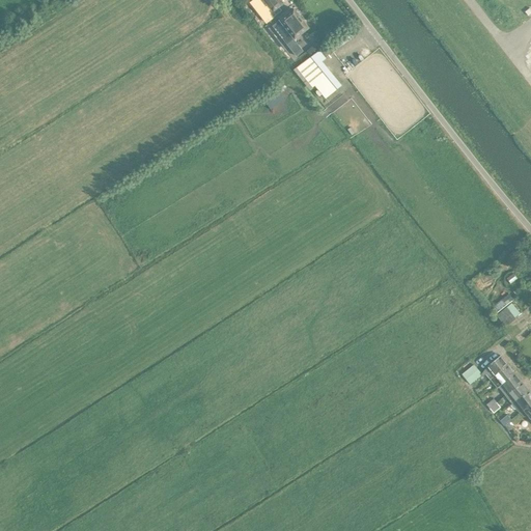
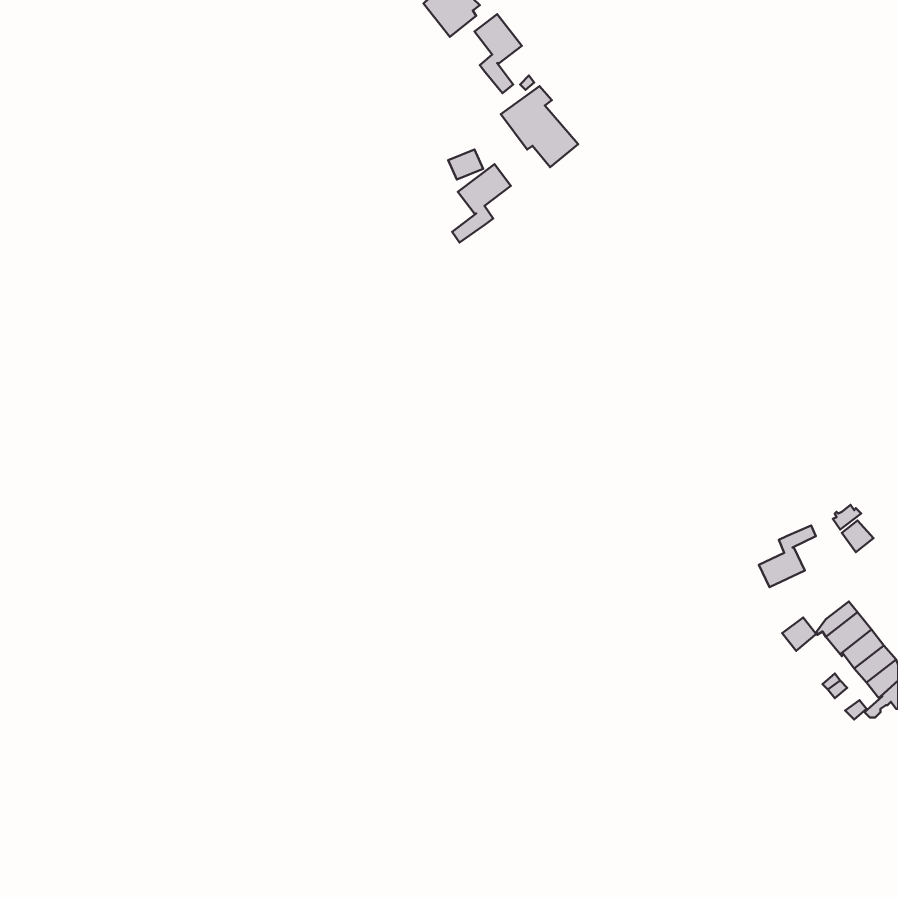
building: none -> [452,164,511,243]
building: none -> [759,526,816,587]

